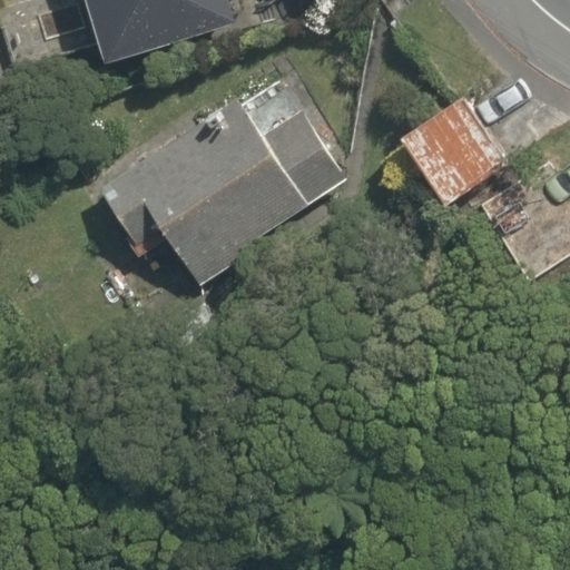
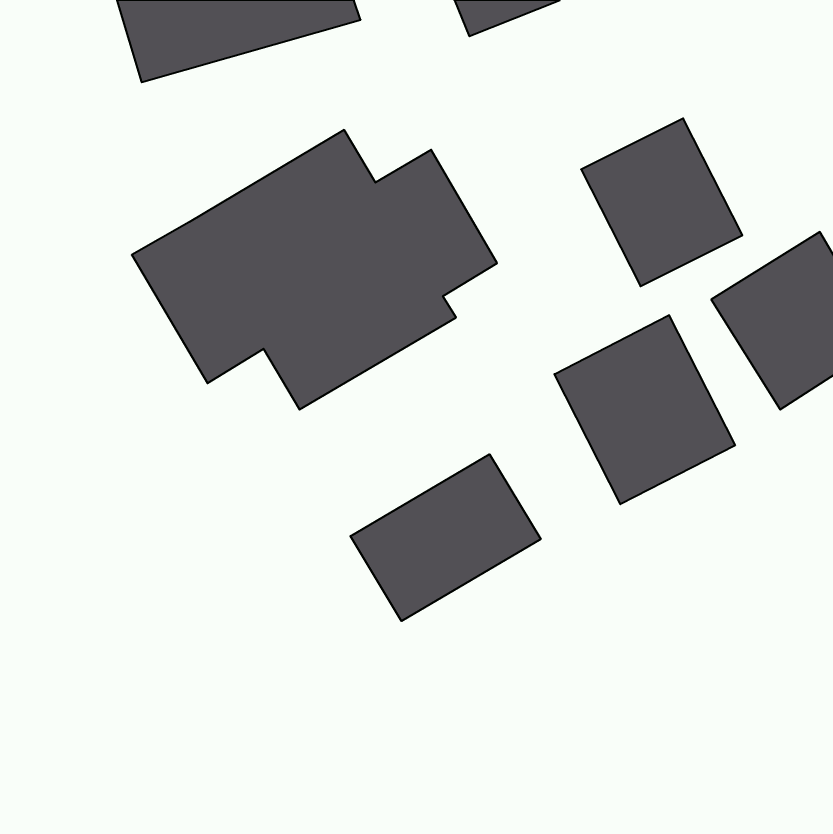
building: none -> [554,315,735,504]
building: none -> [350,454,541,621]

